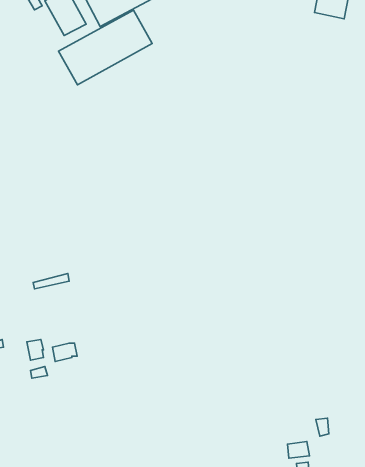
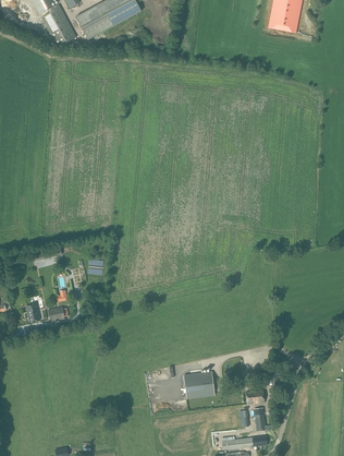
building: [59,10,152,85] -> none
building: none -> [184,370,214,397]

